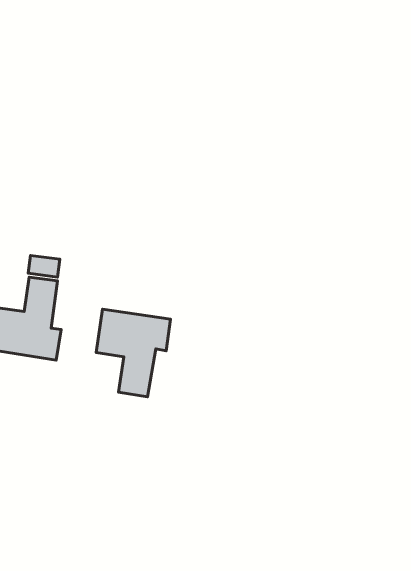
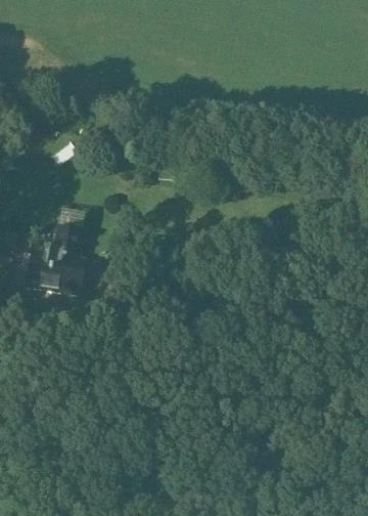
building: [96,309,171,397] -> none

